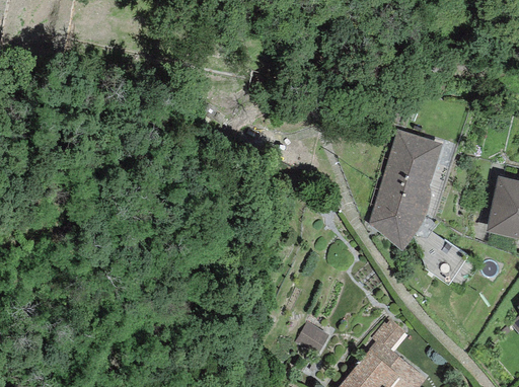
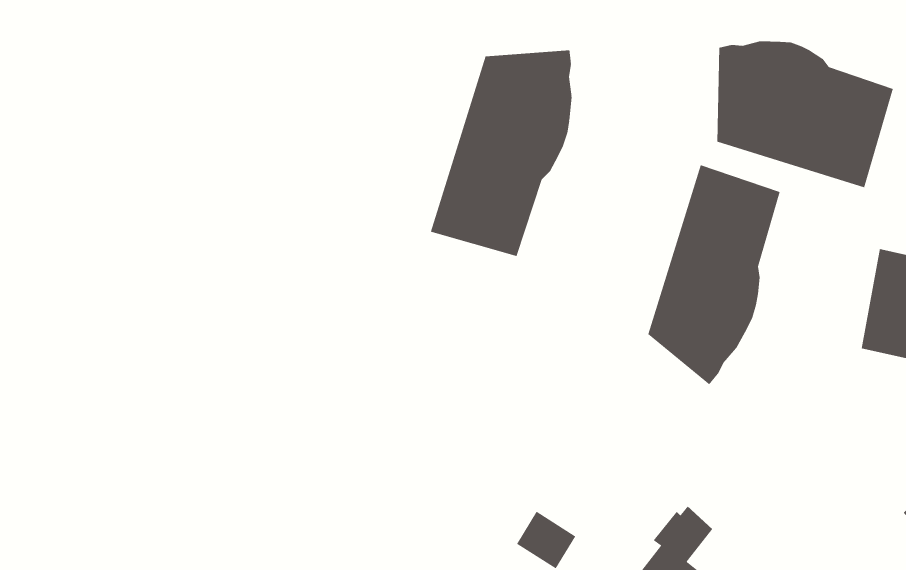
building: none -> [717,40,894,188]
building: none -> [430,49,572,257]

